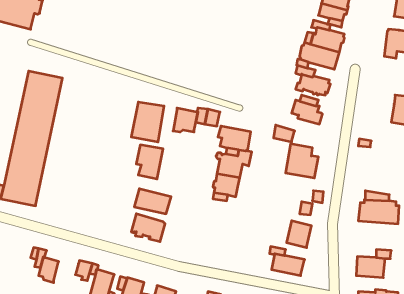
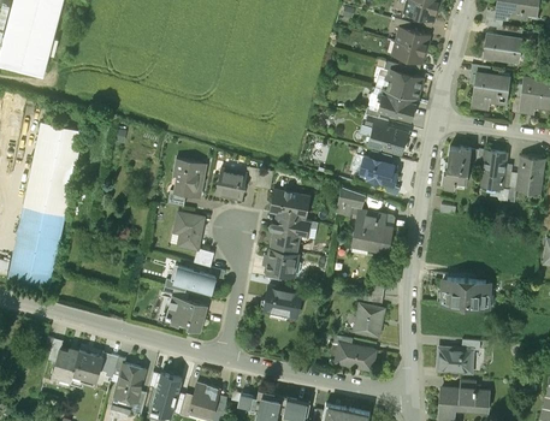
building: none -> [444,149,471,190]
building: none -> [260,286,302,316]
building: none -> [72,350,102,381]

